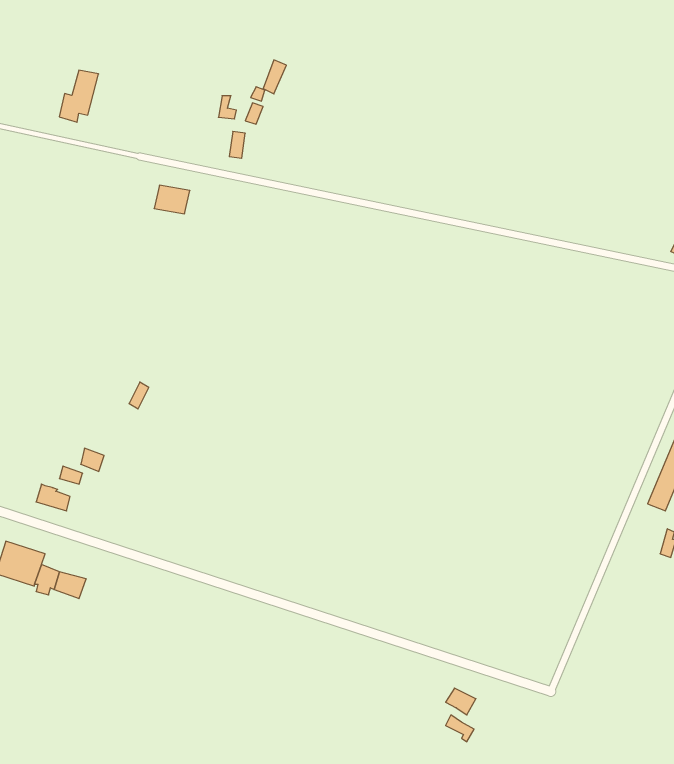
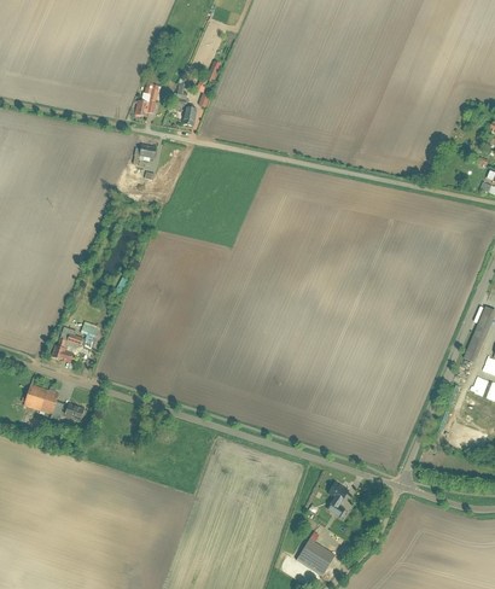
building: [59,70,99,122] -> [133,83,159,118]

